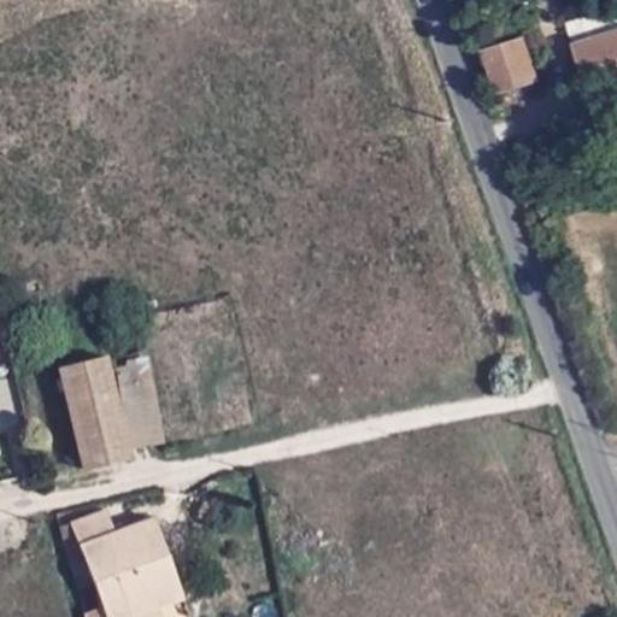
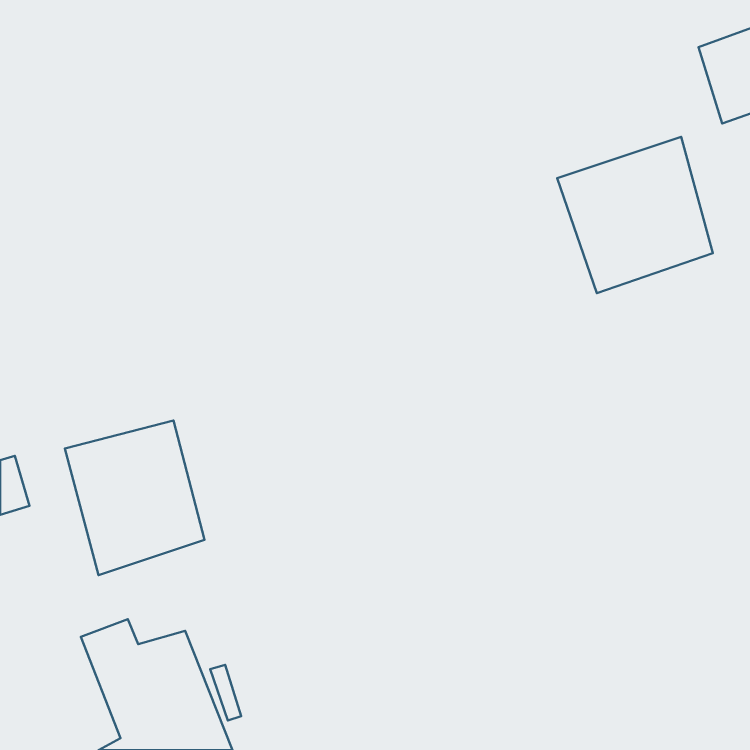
building: [481,36,543,99] -> none
building: none -> [557,137,713,293]

